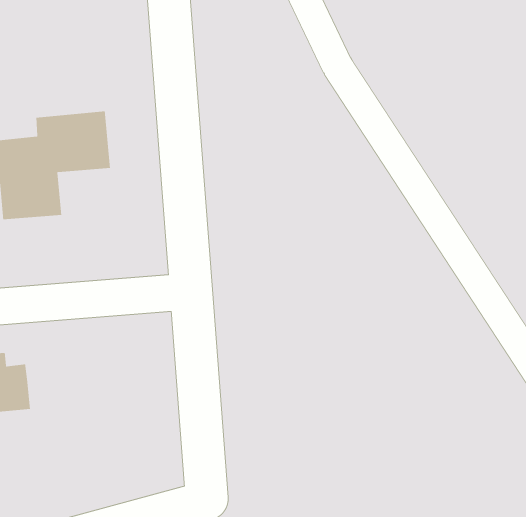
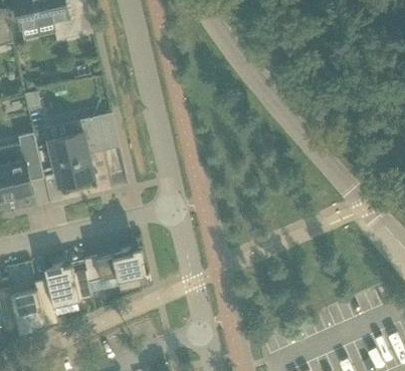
building: none -> [79,248,149,291]

